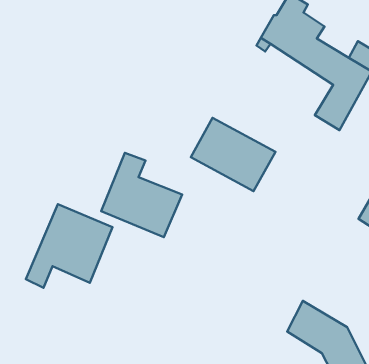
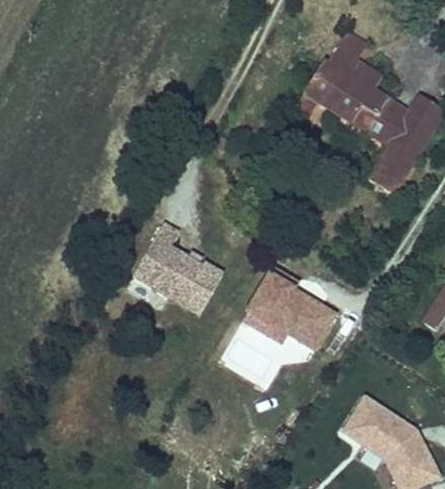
building: [191,118,275,191] -> [238,275,336,360]
building: [26,204,113,288] -> none

